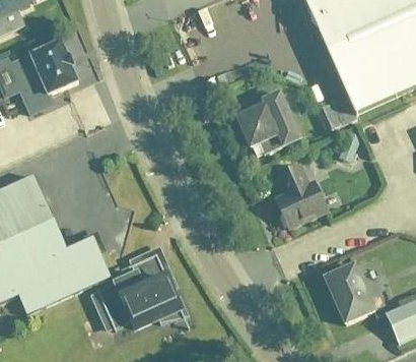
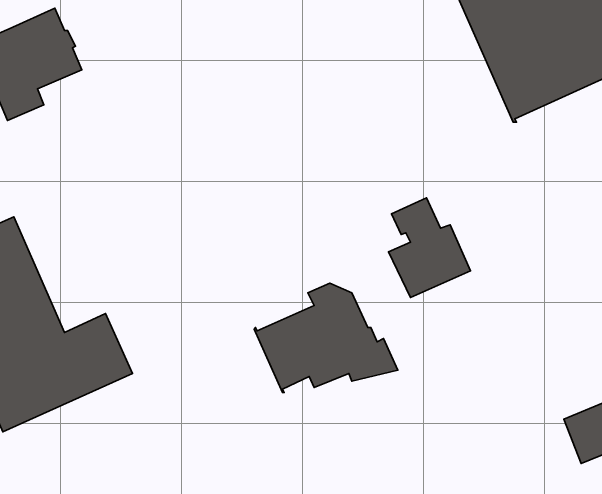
building: [237,90,301,153] -> none
building: [96,258,189,328] -> [254,283,398,392]
building: [325,262,374,321] -> none

